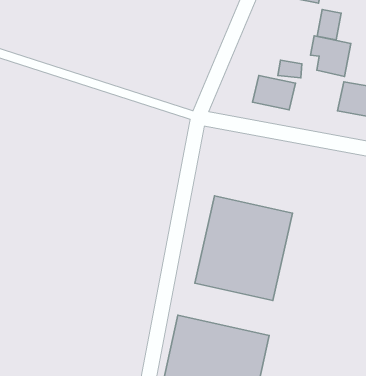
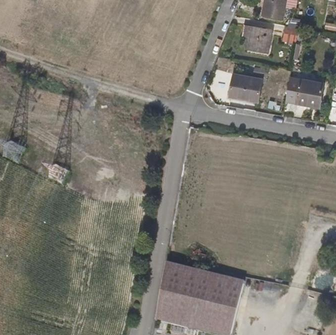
building: [310,36,351,77] -> [238,22,270,54]
building: [195,196,292,301] -> none

